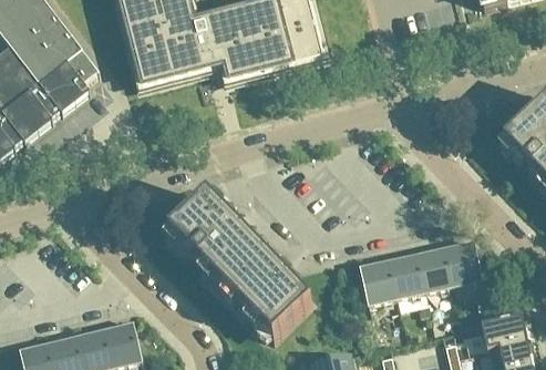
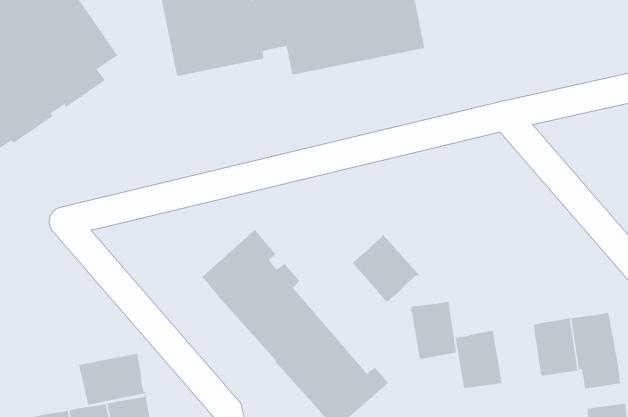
building: none -> [352,234,420,303]
building: [388,254,424,298] -> [410,301,457,360]
building: none -> [79,353,147,406]

